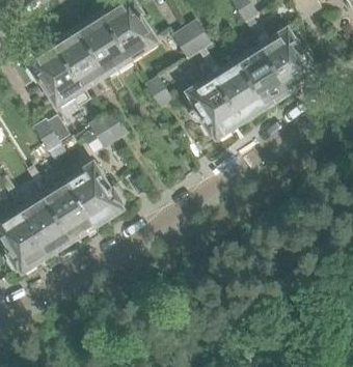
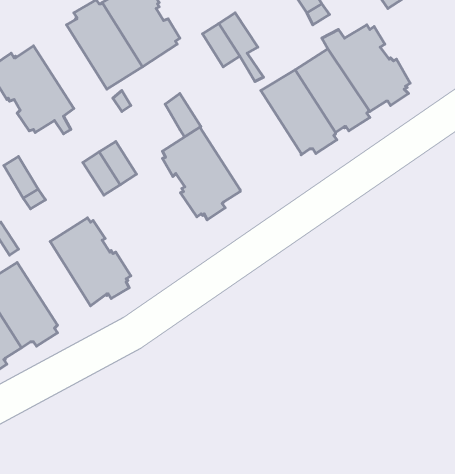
building: [55,27,106,87] -> none
building: [187,75,241,139] -> [162,127,240,220]
building: [44,179,96,237] -> none

